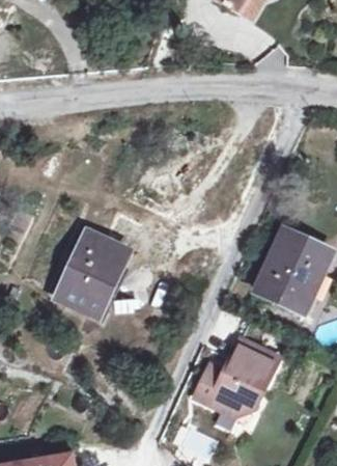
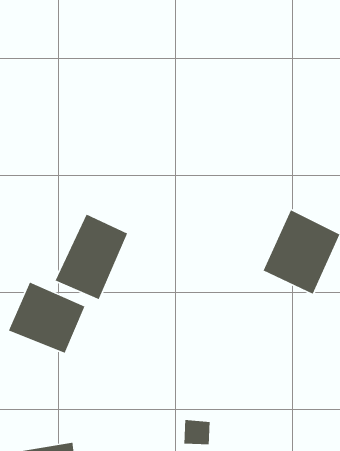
building: none -> [8,281,85,354]
building: [192,336,278,415] -> none

